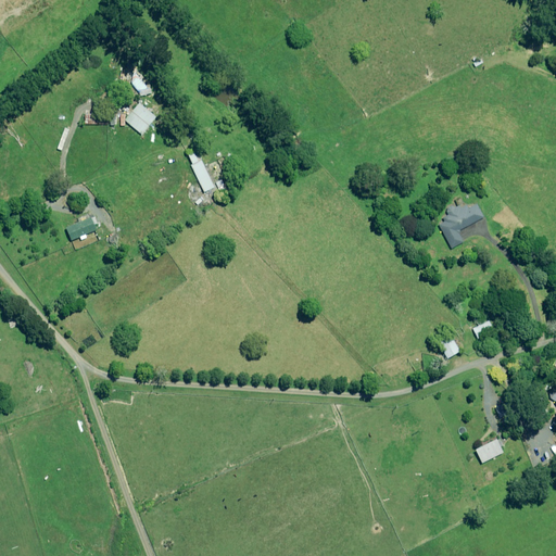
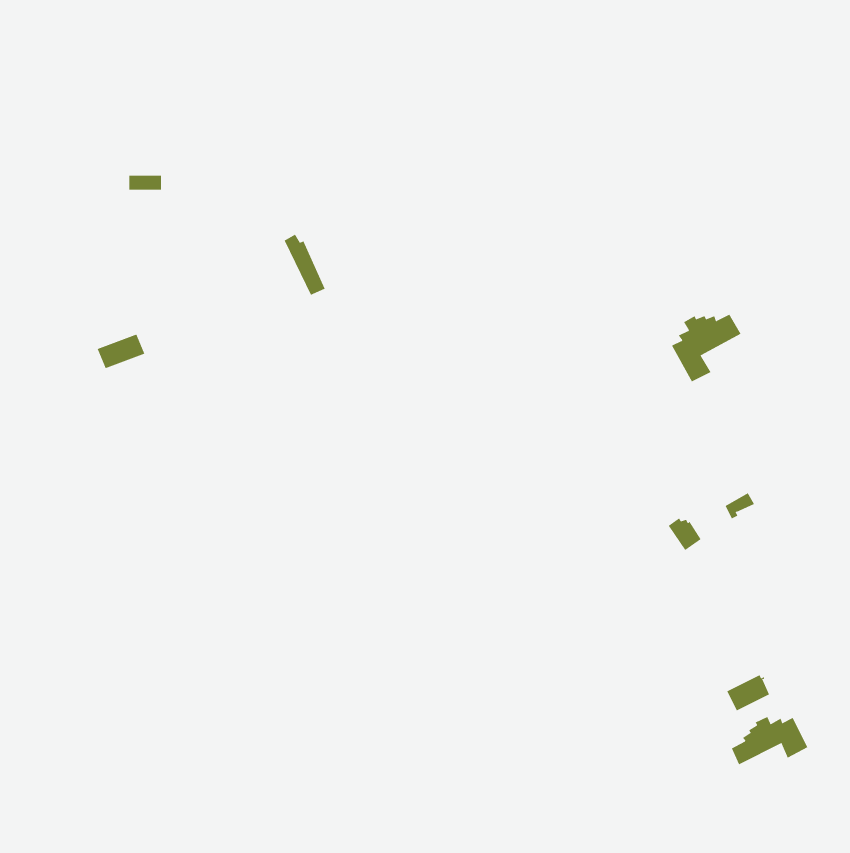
building: [125,103,156,135] -> none
building: none -> [731,716,808,765]

